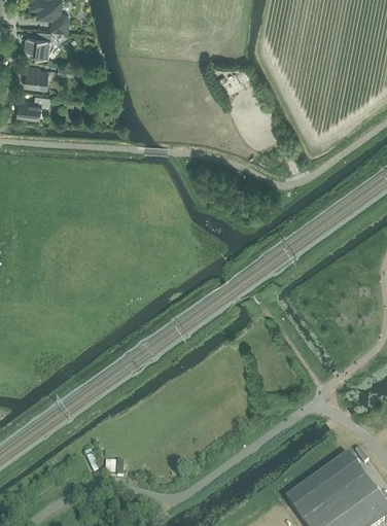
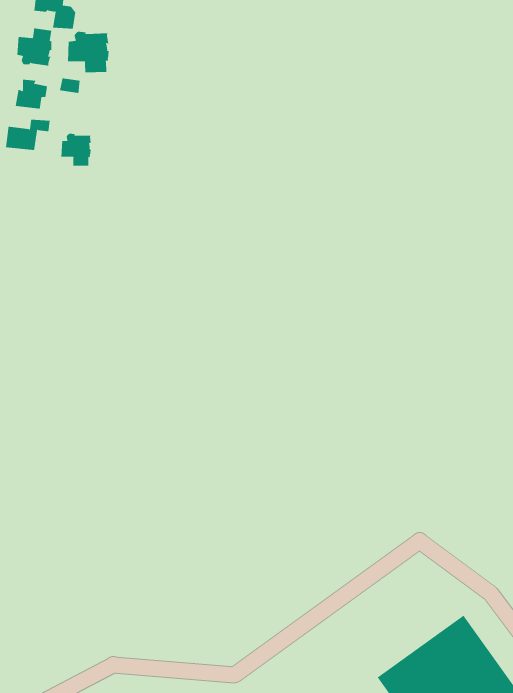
building: none -> [68,31,110,73]
building: none -> [61,133,92,167]

